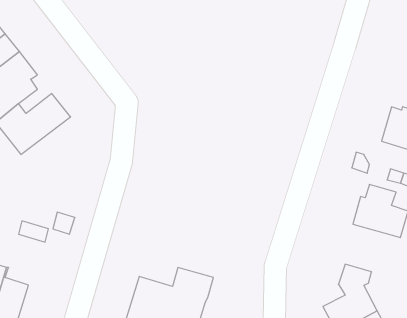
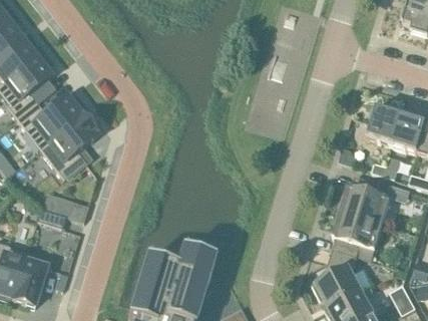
building: none -> [39,113,100,179]
building: none -> [332,211,383,259]

